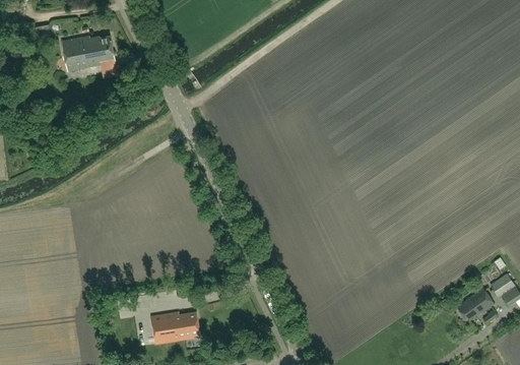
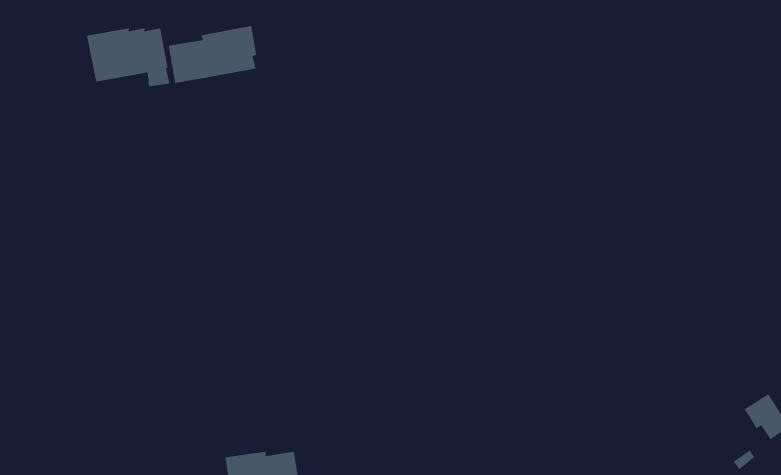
building: none -> [168,25,257,84]
building: [456,288,494,320] -> none

